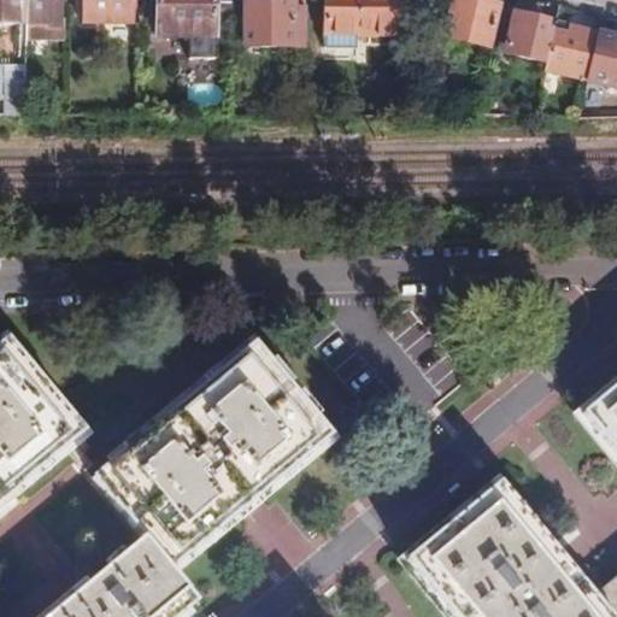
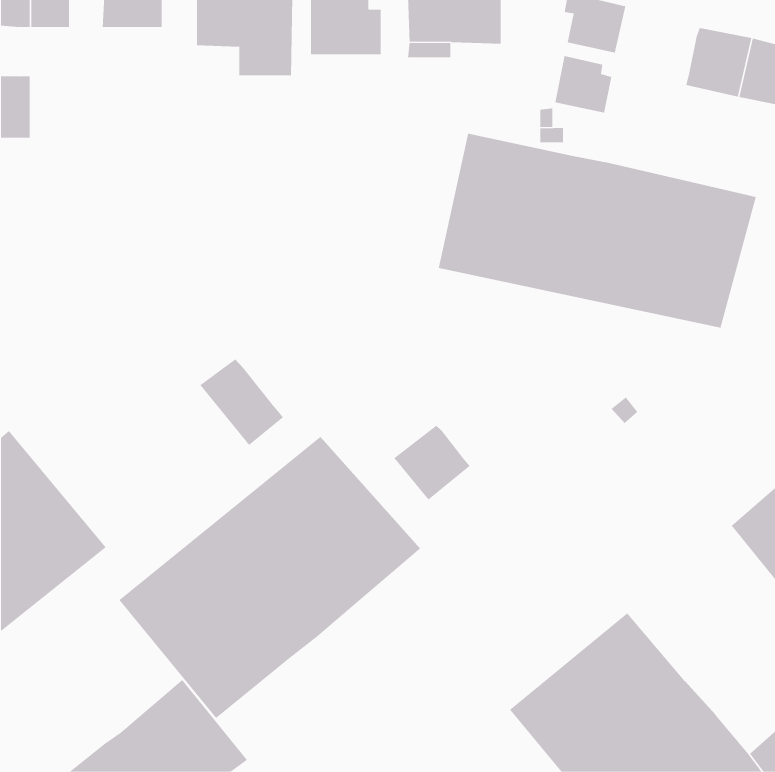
building: [507,12,553,58] -> [555,56,612,113]
building: none -> [438,133,757,329]
building: none -> [199,358,284,446]
building: none -> [393,425,471,501]

